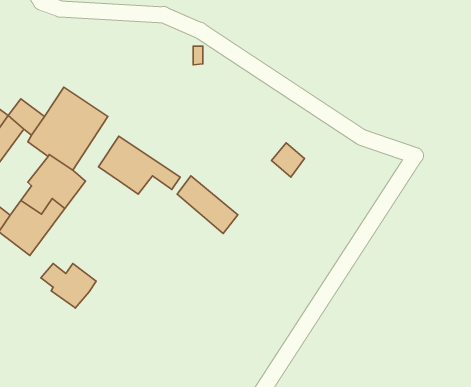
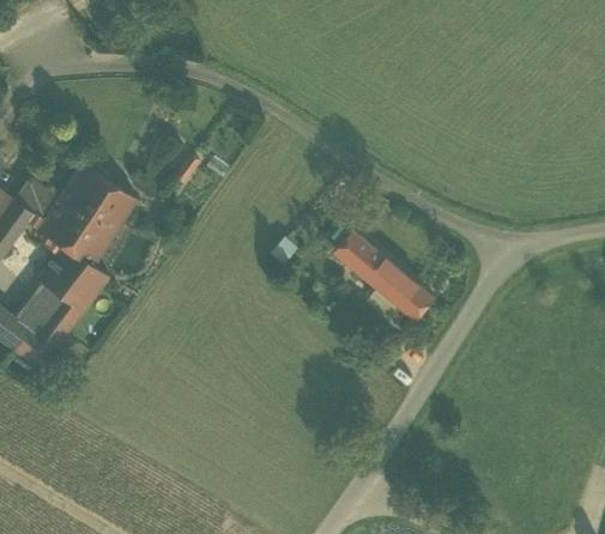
building: [99,136,180,194] -> none
building: [177,176,238,233] -> [359,251,434,322]
building: [41,263,96,308] -> none

